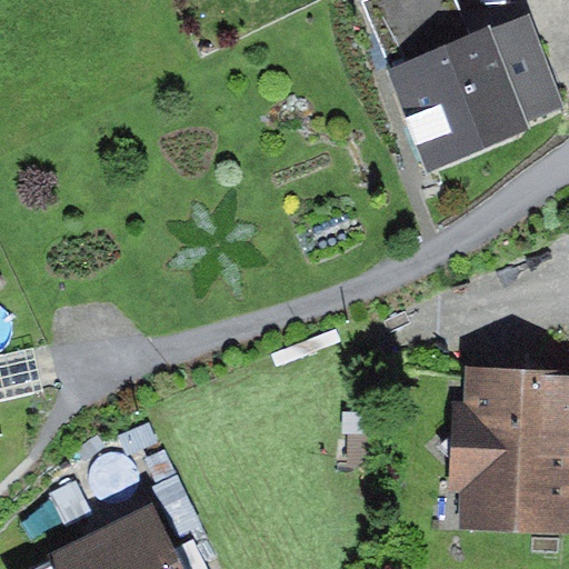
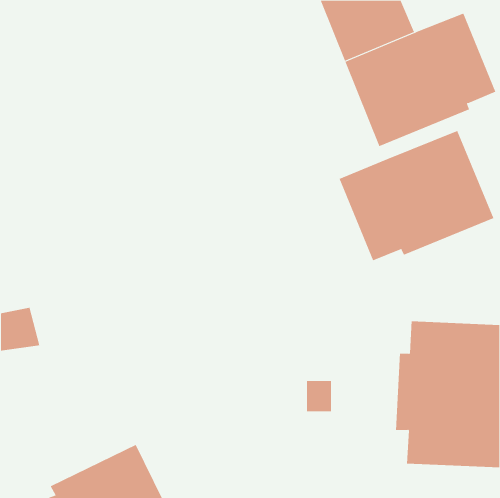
building: none -> [339,130,494,261]

